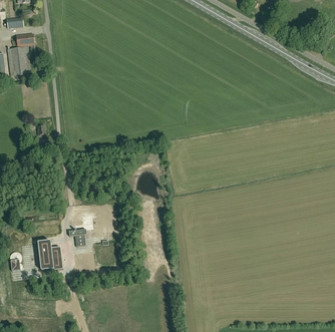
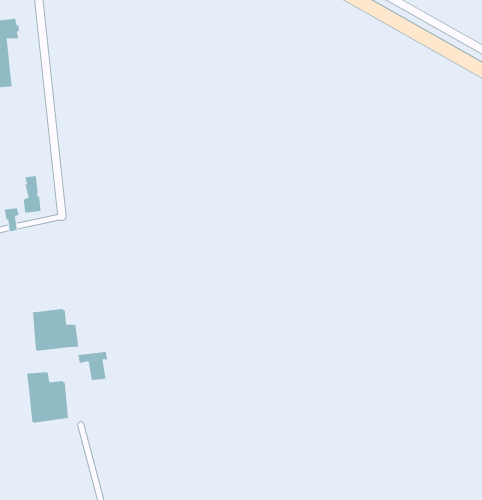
building: none -> [32,308,79,352]

